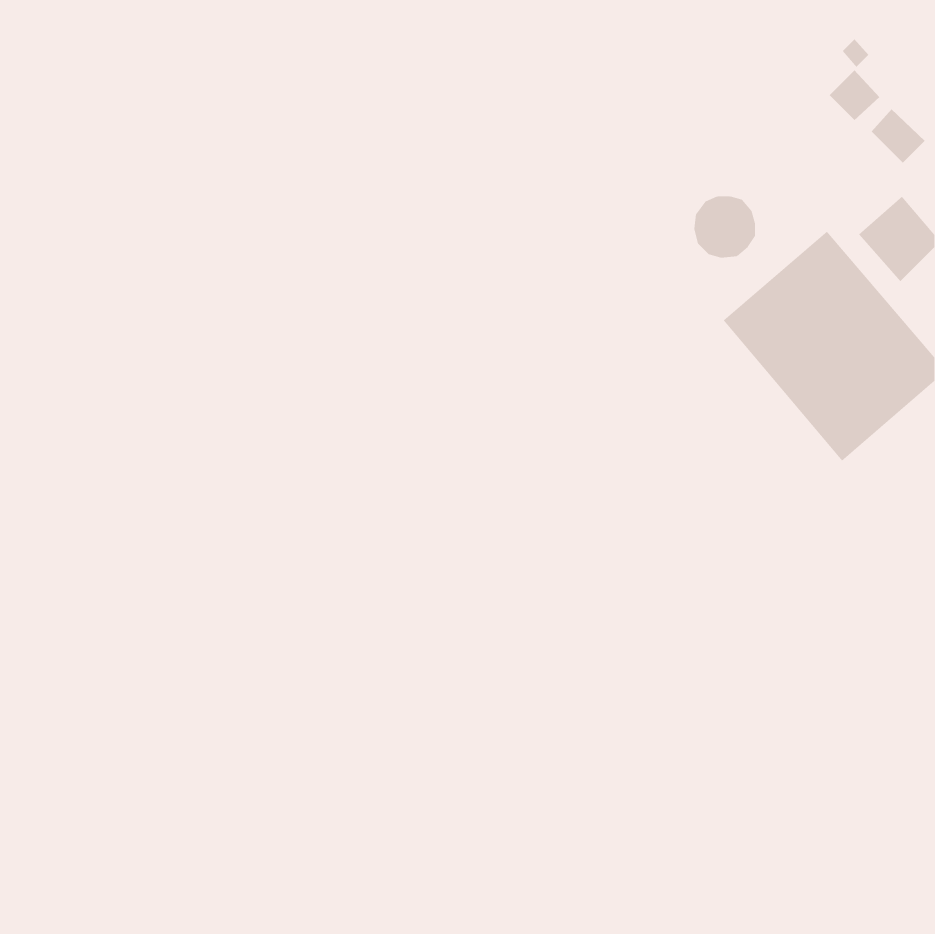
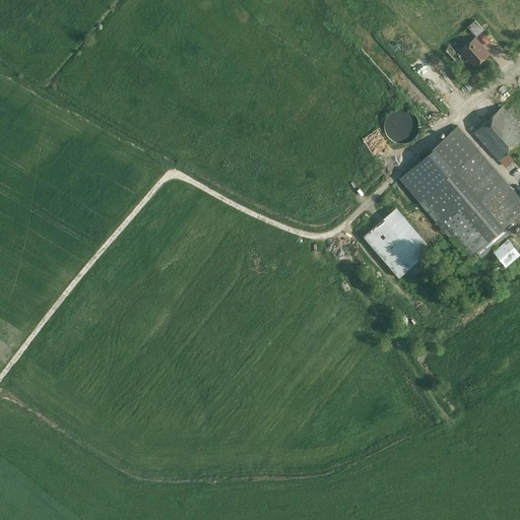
building: [871,108,925,163] -> none
building: none -> [362,208,433,280]

